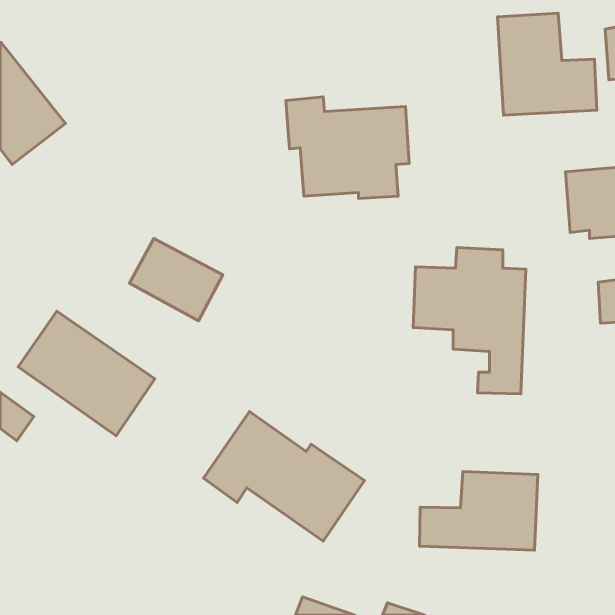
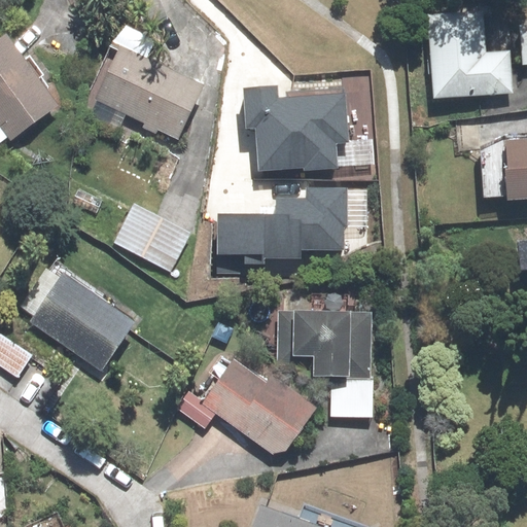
building: none -> [95,48,201,139]
building: none -> [220,183,351,270]
building: [413,248,526,394] -> [276,292,372,417]
building: [419,472,538,550] -> none

